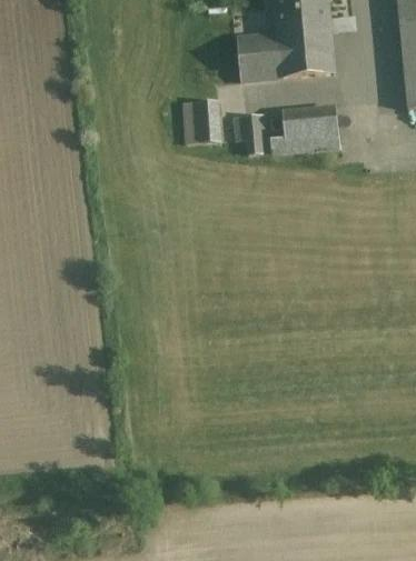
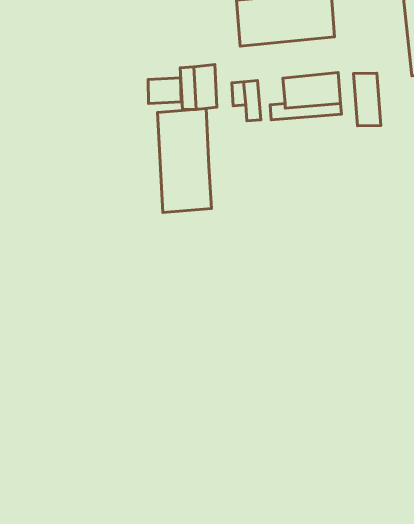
building: none -> [354,73,381,126]
building: none -> [148,78,181,104]
building: none -> [157,109,212,212]

